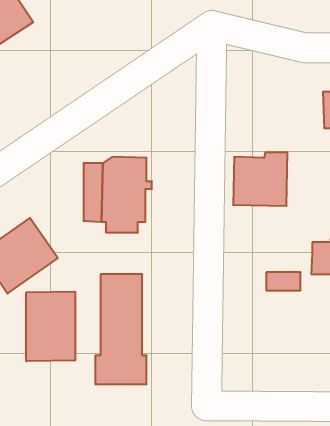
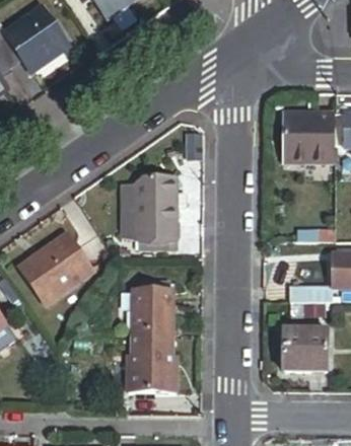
building: [233,153,288,206] -> [283,114,335,164]
building: [26,292,75,361] -> none
building: none -> [283,327,328,370]

